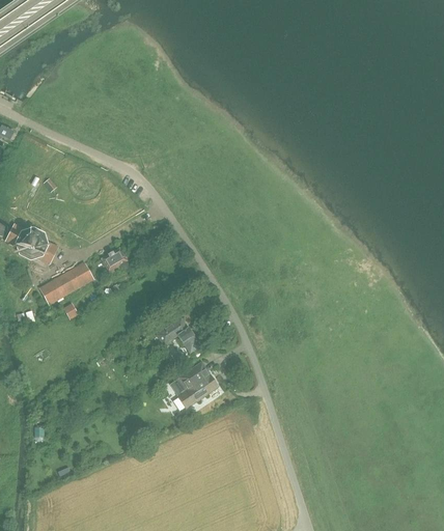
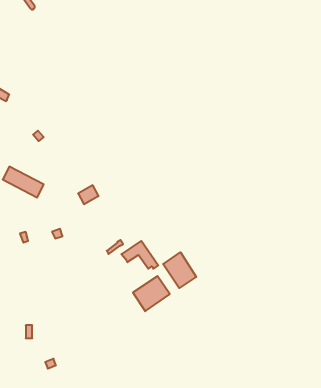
building: [38,261,94,306] -> none
building: none -> [163,252,196,288]

